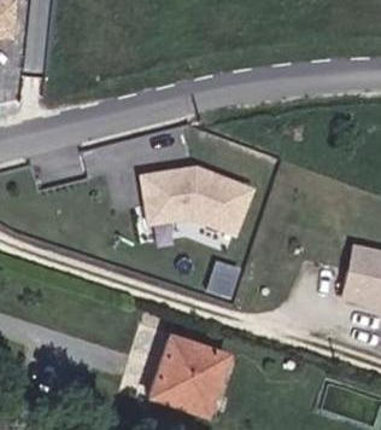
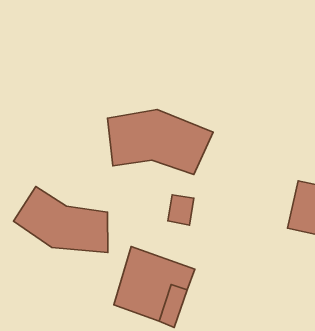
building: none -> [13,187,108,252]

